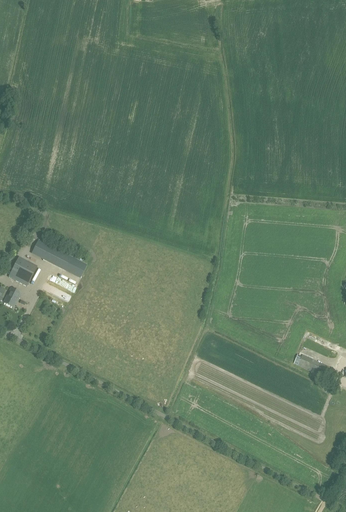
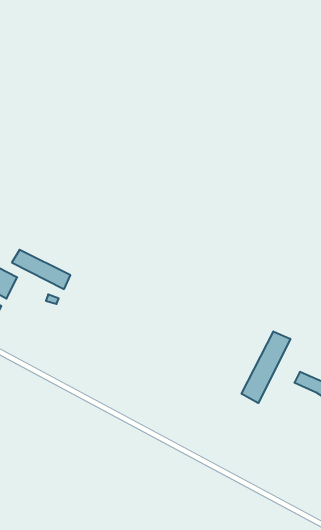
building: none -> [242,331,290,403]

